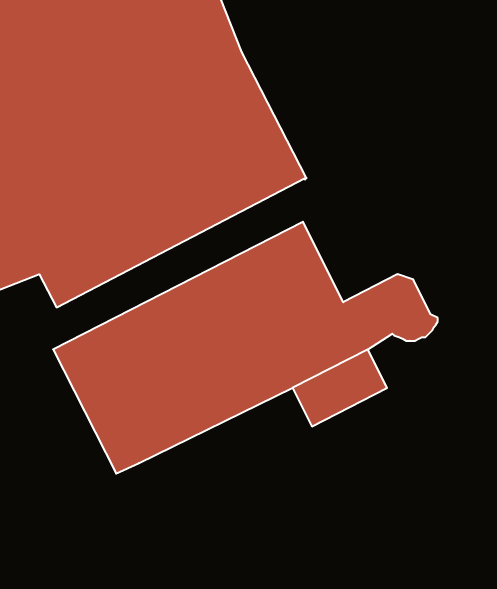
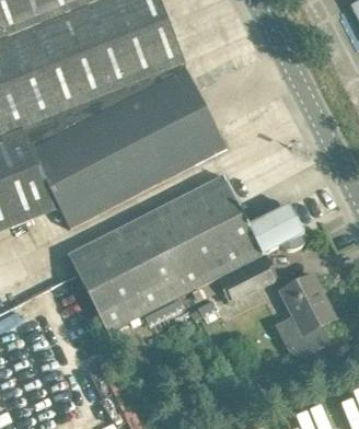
building: none -> [273,275,337,360]

